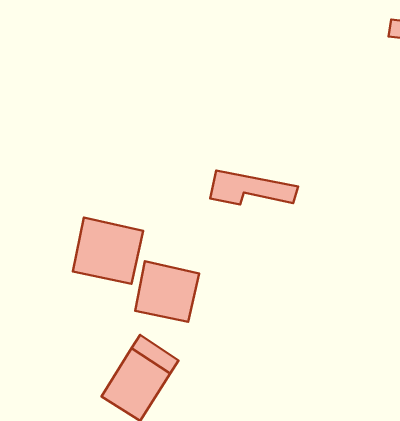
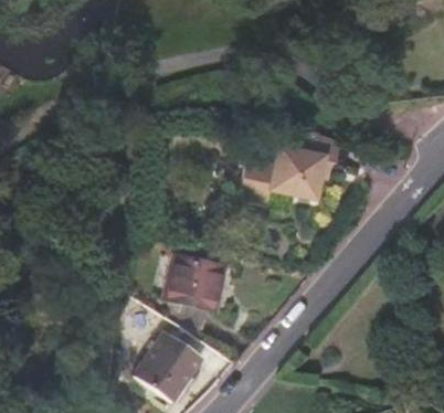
building: none -> [241,128,339,186]
building: [73,218,143,284] -> none

